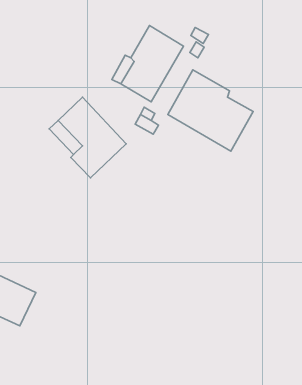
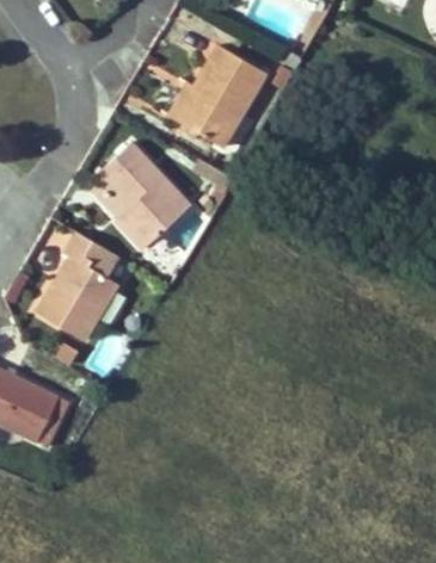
building: [168,70,253,151] -> none
building: none -> [37,233,117,339]

